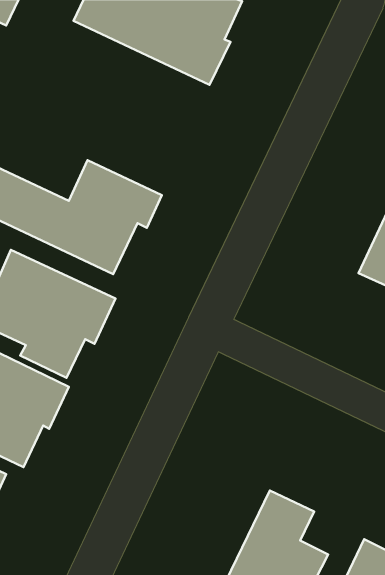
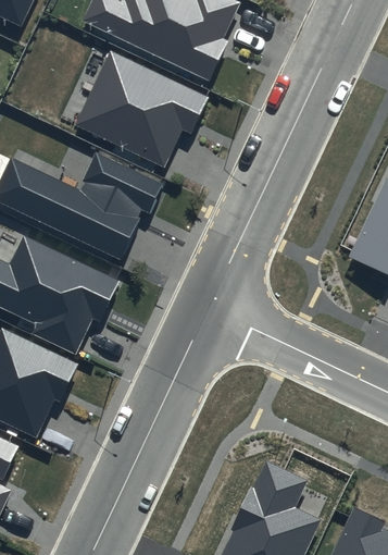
building: none -> [73,49,209,169]

